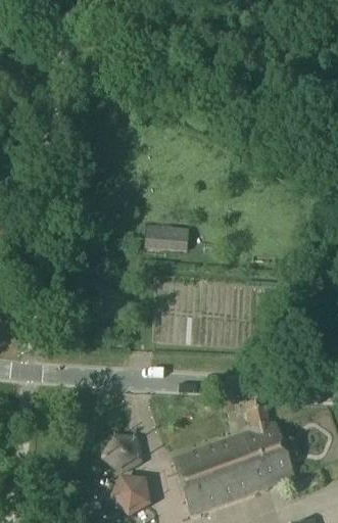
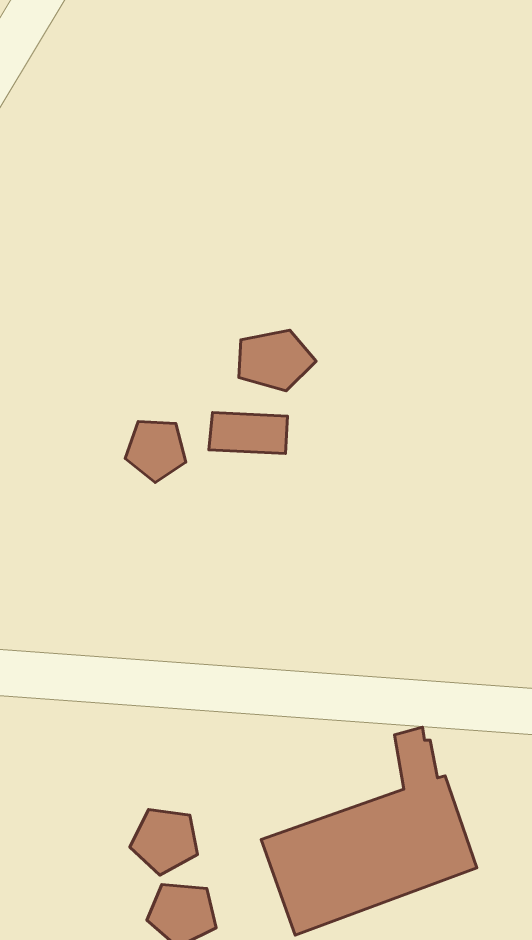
building: none -> [239,330,316,391]
building: none -> [125,422,186,483]

